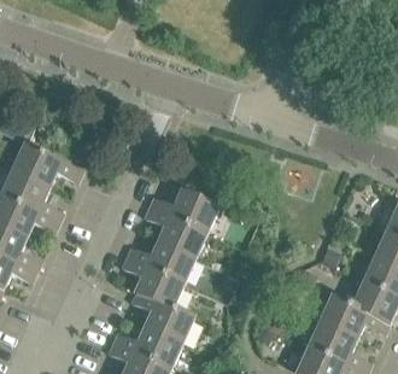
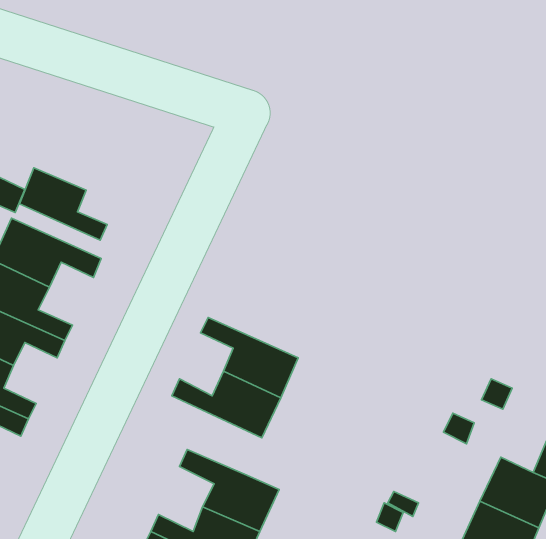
building: none -> [19,168,107,240]
building: [148,191,217,233] -> none
building: [121,257,182,306] -> none

